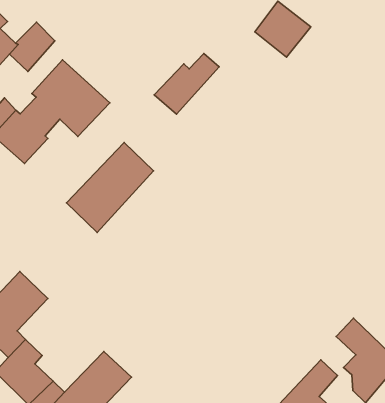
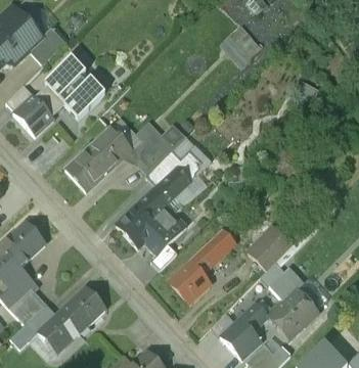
building: [154,53,219,114] -> [134,125,186,171]
building: none -> [119,149,201,255]
building: none -> [249,220,296,268]
building: none -> [170,228,238,305]

